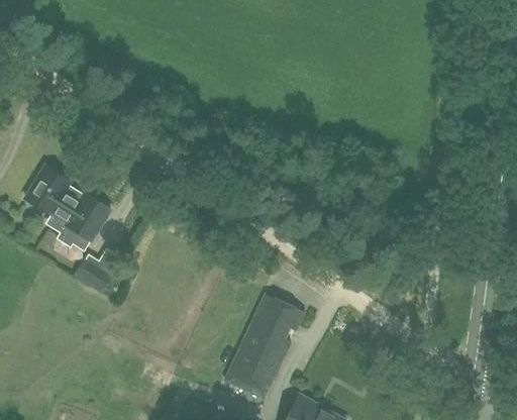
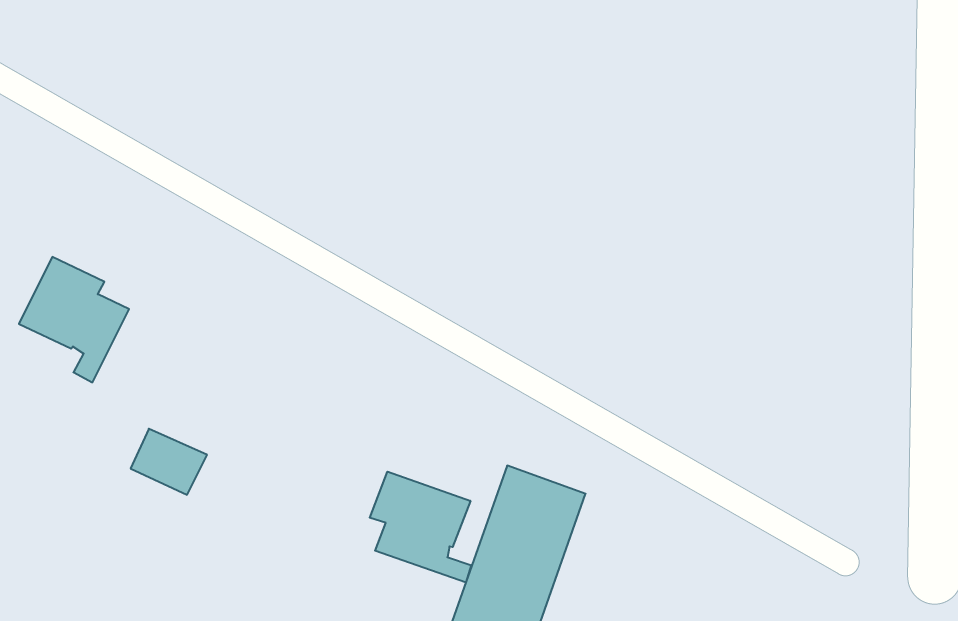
building: [57,195,110,247] -> none
building: none -> [370,472,471,583]

